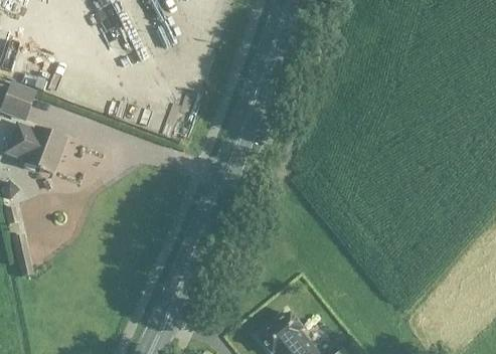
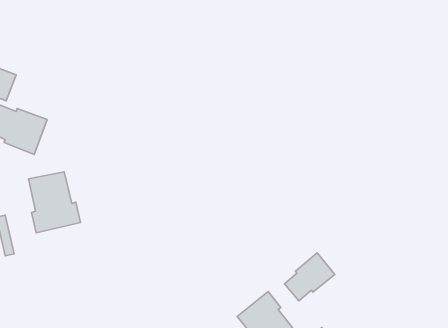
building: none -> [29,172,80,233]
building: none -> [284,253,335,301]

